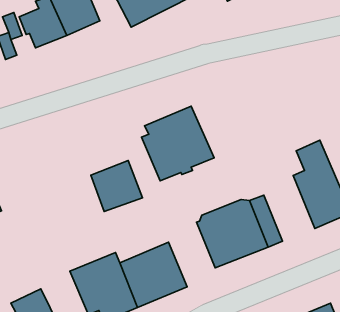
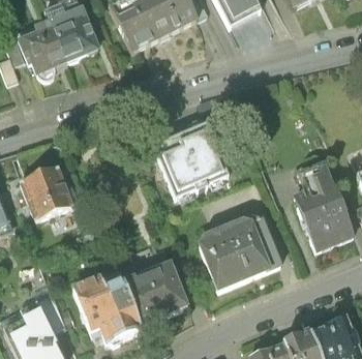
building: [91,161,143,211] -> [25,167,77,217]

